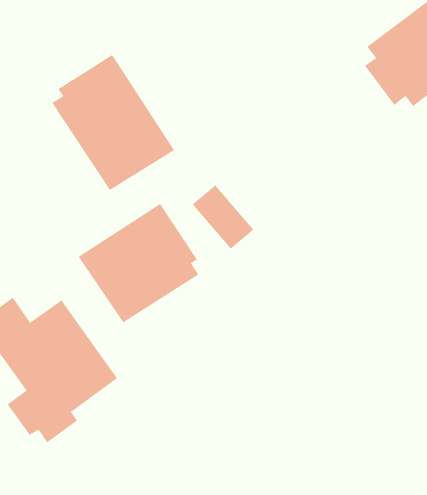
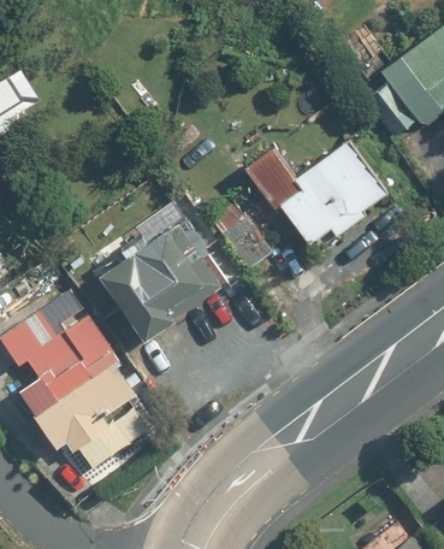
building: [51,54,175,191] -> none
building: none -> [247,140,386,244]

